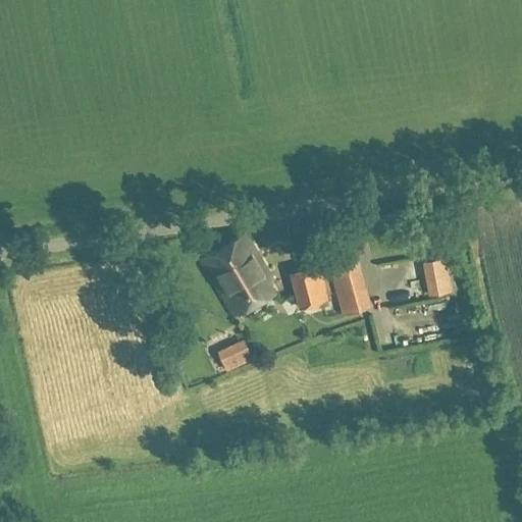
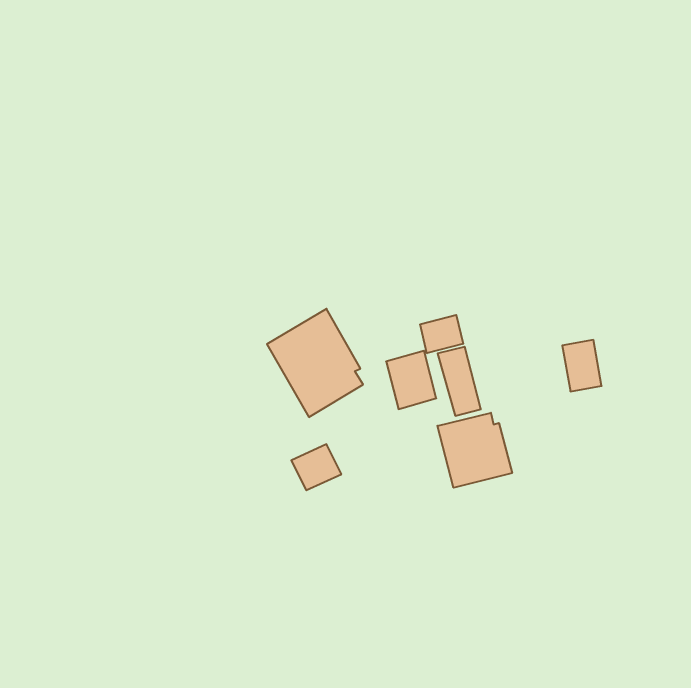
building: none -> [420,315,463,353]
building: none -> [437,413,512,488]

